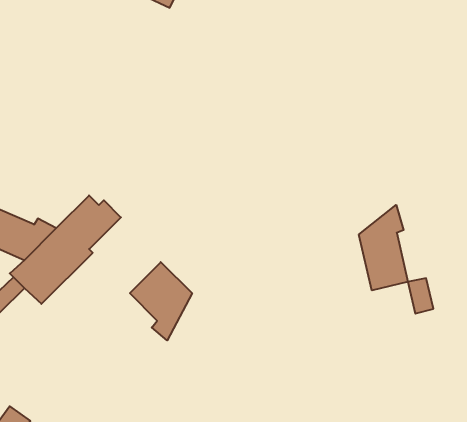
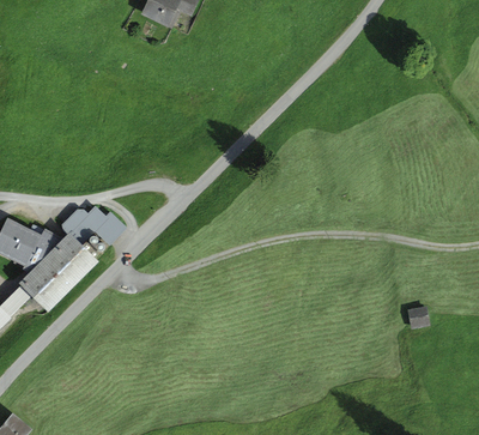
building: [359,205,408,290] -> none
building: [130,262,192,340] -> none

